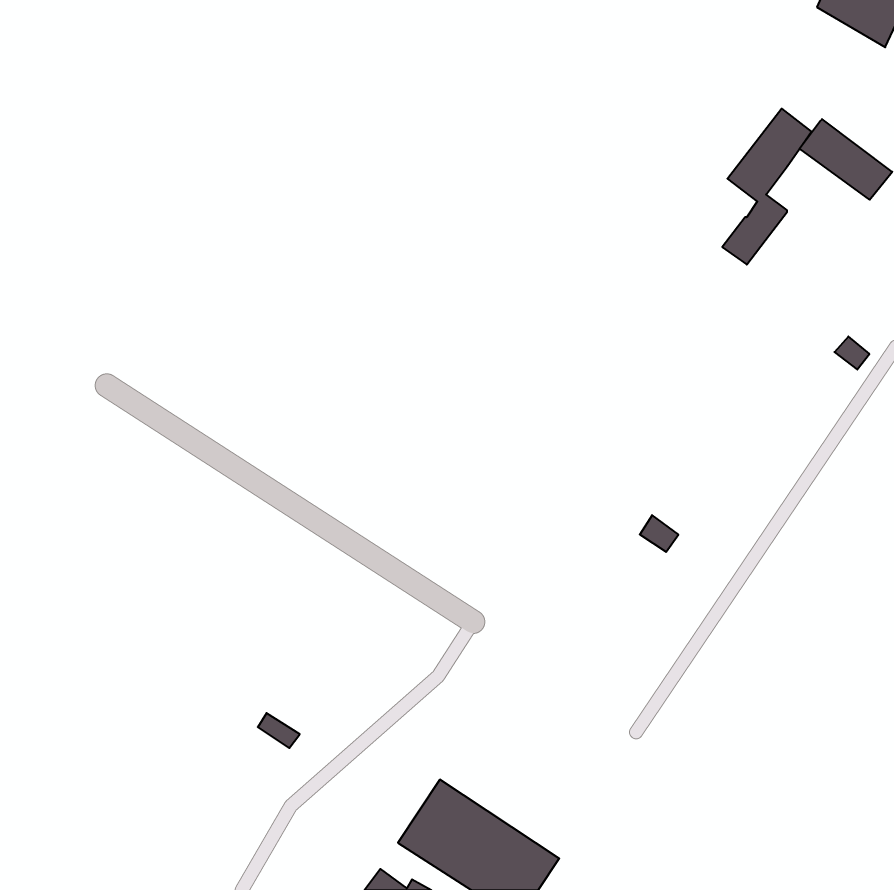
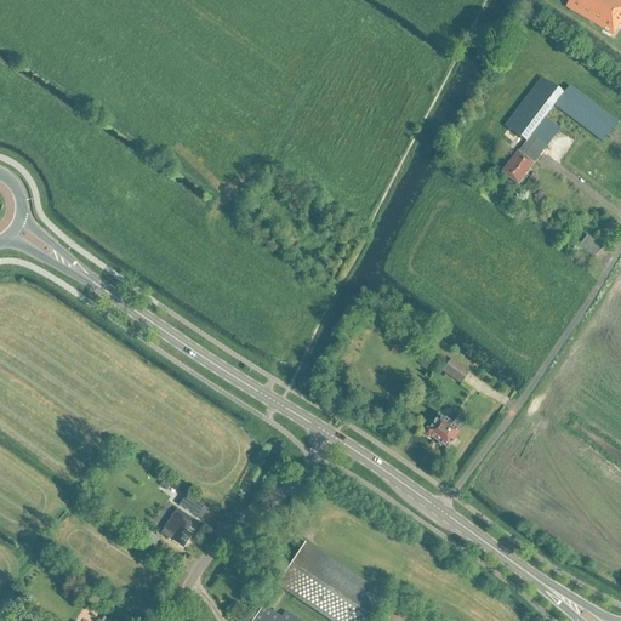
building: none -> [425,412,468,446]
building: none -> [161,509,193,546]

